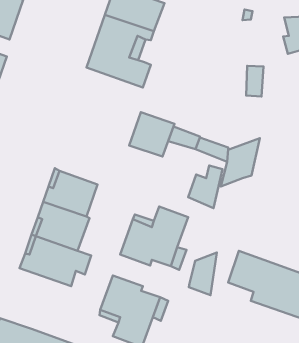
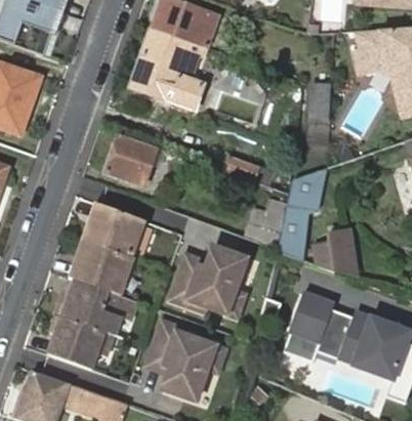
building: [129,112,174,157] -> [107,134,158,184]
building: none -> [313,230,356,275]
building: [189,253,217,295] -> [276,213,307,261]
building: none -> [47,314,114,370]

